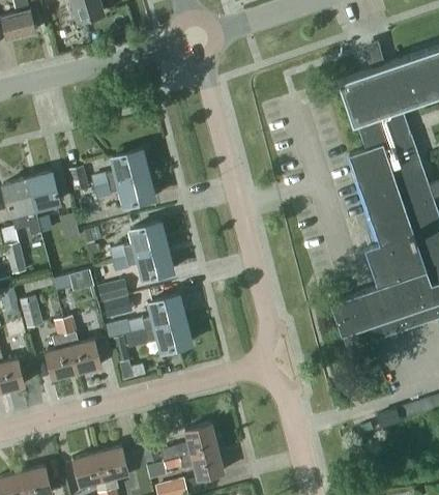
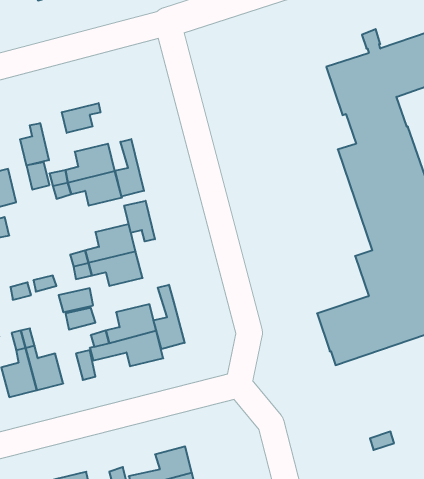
building: none -> [62,103,100,133]
building: none -> [20,123,49,166]
building: none -> [115,139,144,197]
building: none -> [124,201,155,241]
building: none -> [154,285,185,349]

